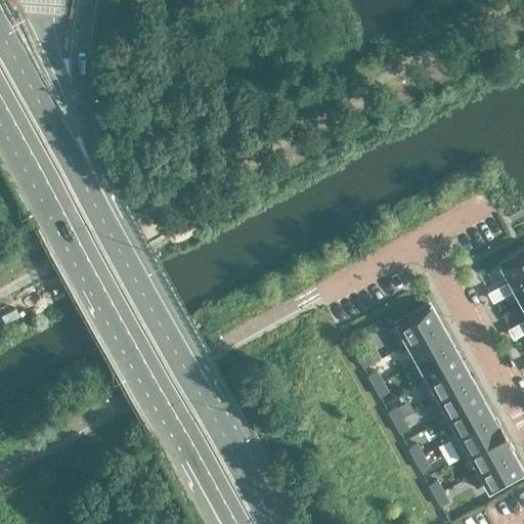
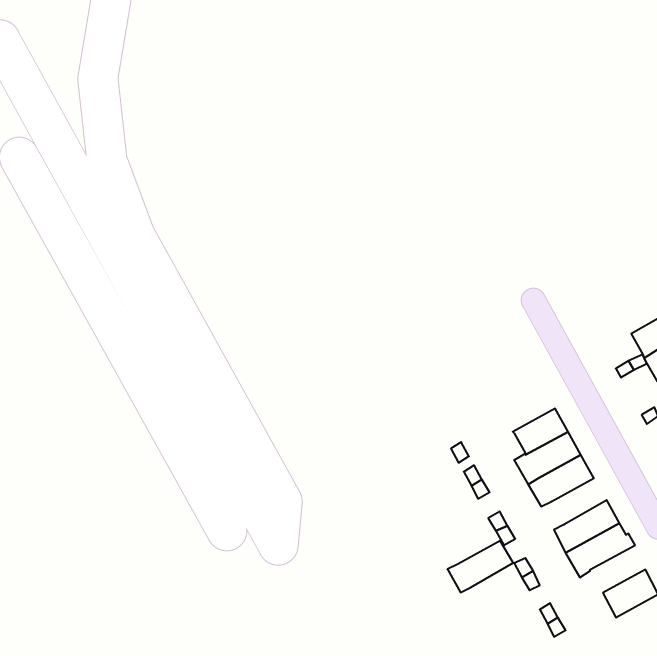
building: [390,307,442,351] -> none
building: [431,382,483,423] -> [447,541,513,592]
building: [470,435,514,473] -> none

